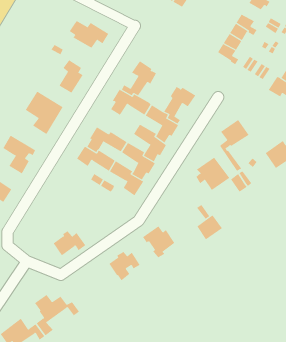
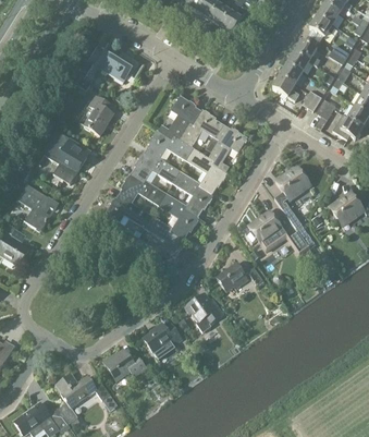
building: none -> [180,109,224,146]
building: none -> [130,153,181,183]
building: [196,214,223,240] -> [217,262,248,292]
building: [51,230,86,256] -> [104,350,146,380]

